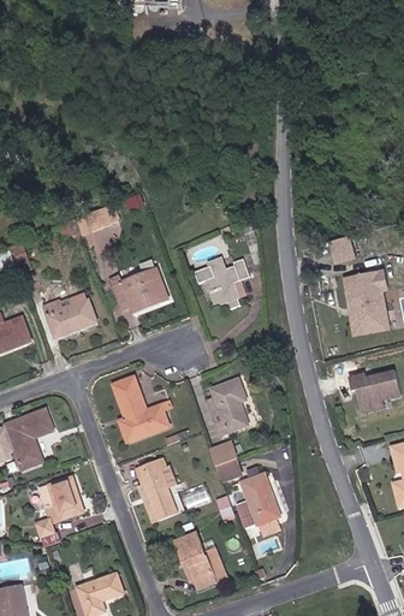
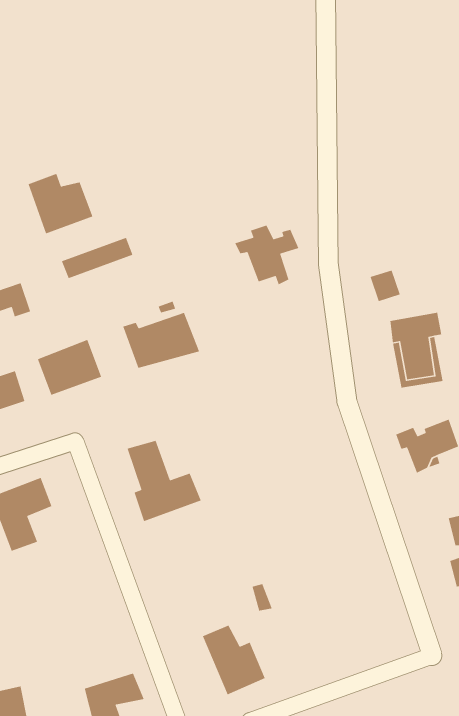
building: none -> [27,173,93,234]
building: [196,257,251,309] -> [234,224,299,285]
building: [209,378,252,437] -> none
building: [213,442,246,484] -> none
building: [137,458,184,522] -> none
building: [243,472,285,527] -> none
building: [36,474,89,537] -> none

